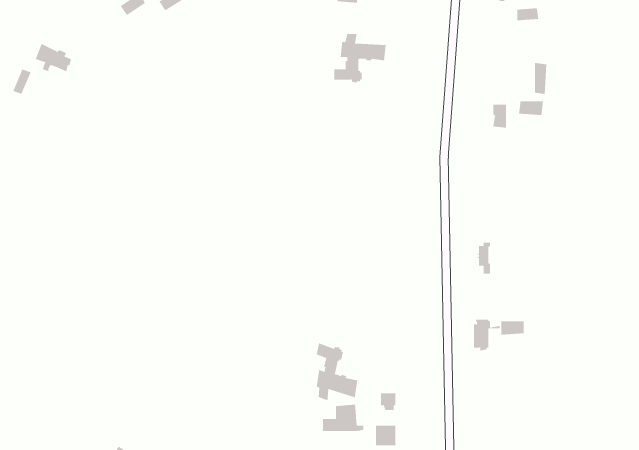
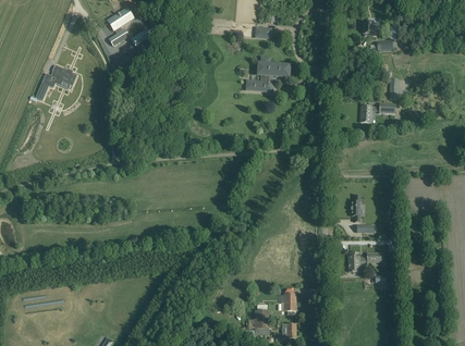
building: [316,342,358,401] -> none

